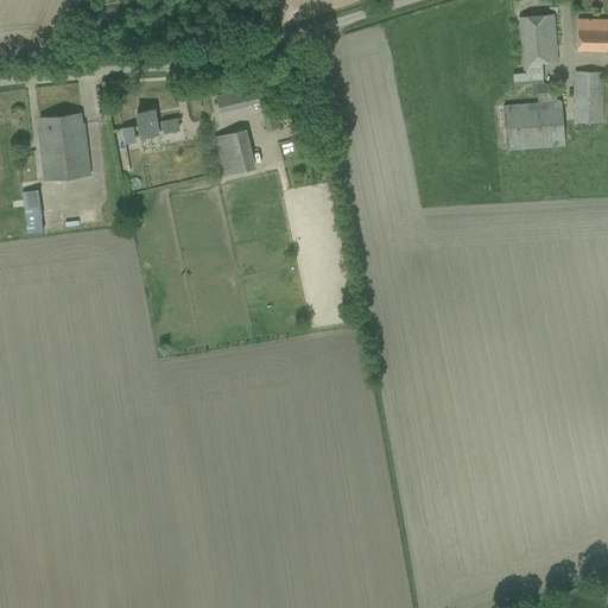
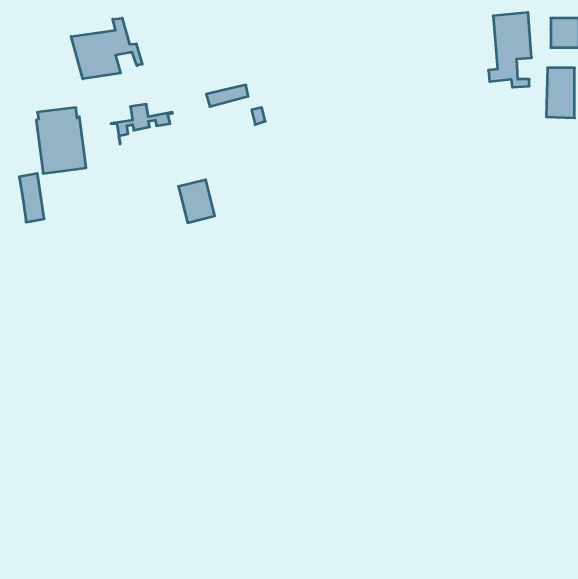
building: none -> [71,18,142,79]
building: [504,90,564,151] -> none
building: [215,129,253,175] -> [178,180,215,223]

